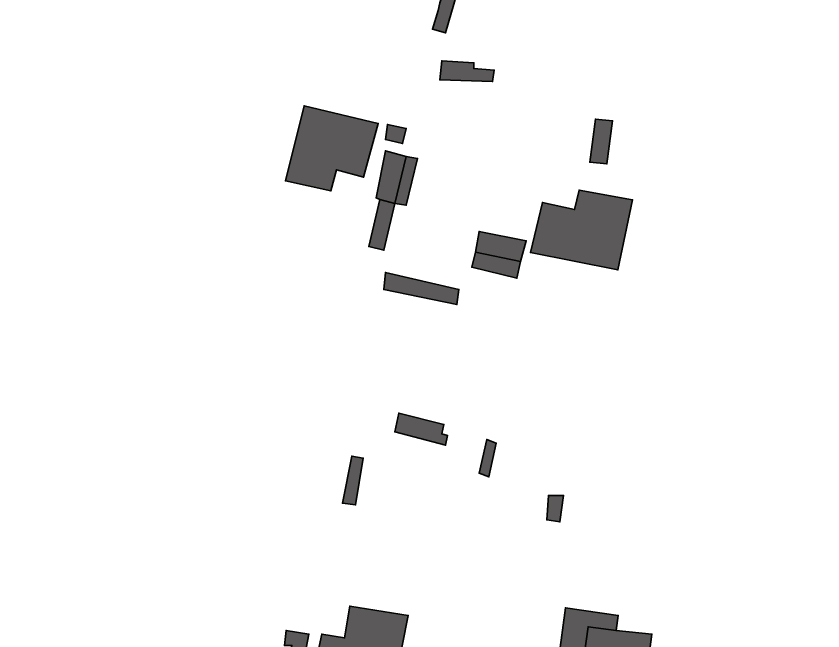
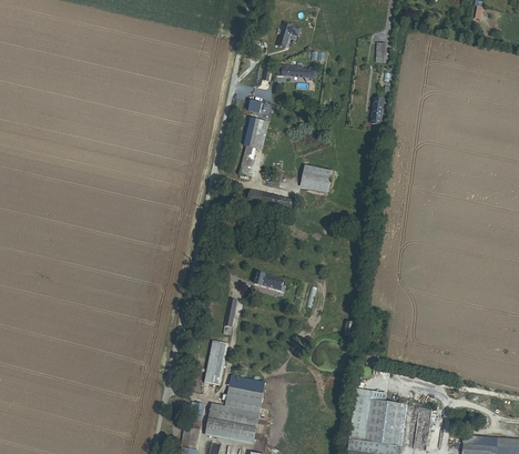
building: [285,106,378,191] -> none
building: [531,190,633,270] -> none
building: none -> [204,340,227,384]

